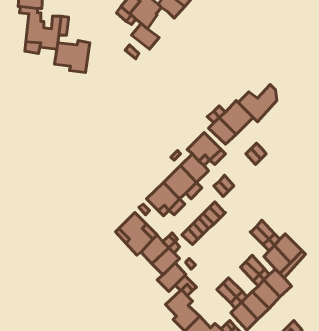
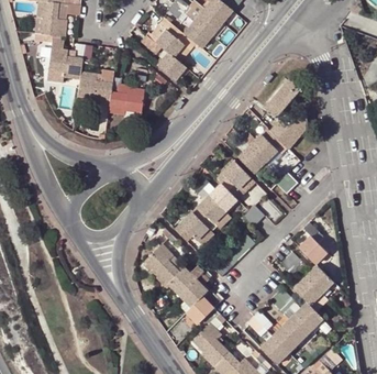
building: none -> [110,76,145,111]
building: none -> [264,80,302,119]
building: none -> [299,223,328,265]

